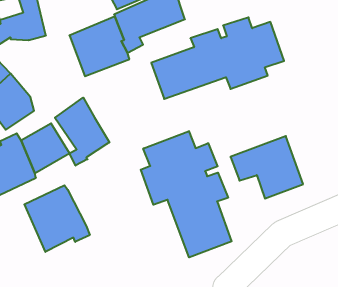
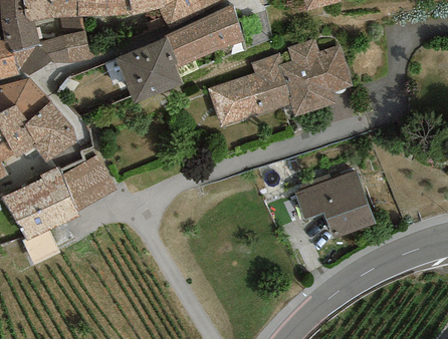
building: [55,98,109,166] -> none
building: [141,131,232,257] -> none
building: [24,185,90,252] -> none

